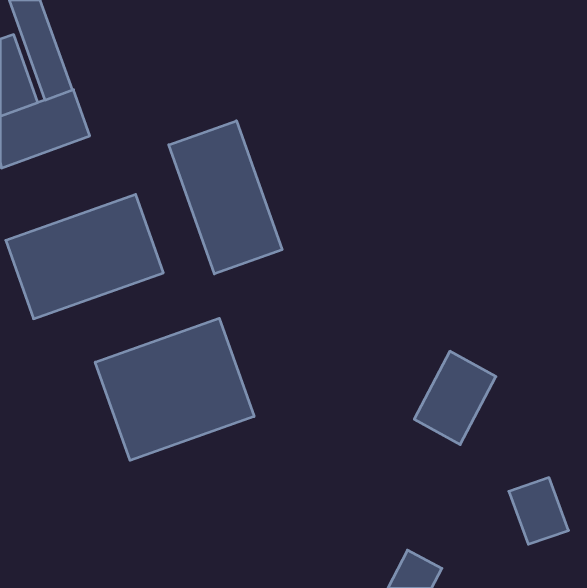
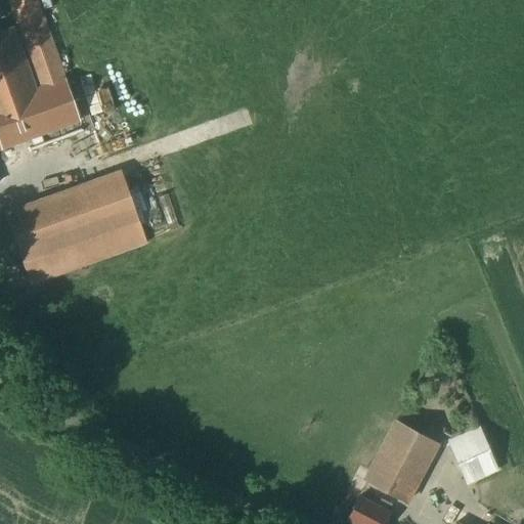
building: [169,121,282,274] -> none
building: [95,318,254,460] -> none
building: [414,351,496,445] -> [365,421,438,504]

